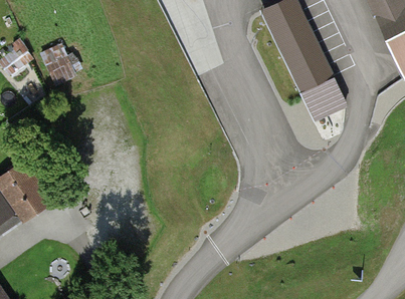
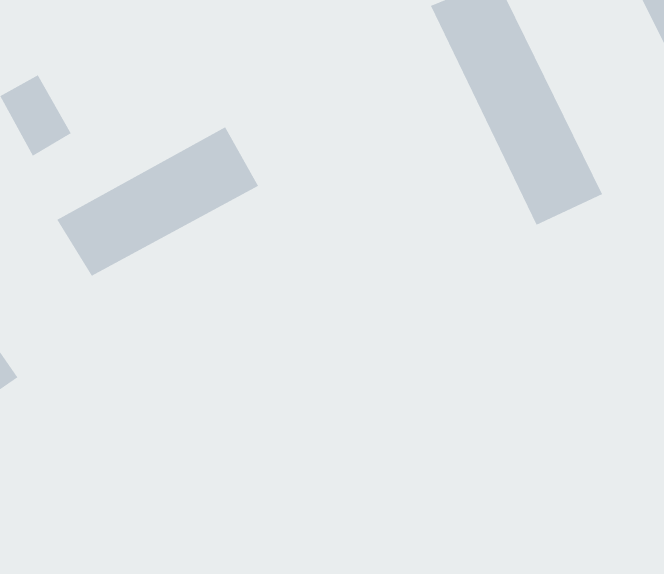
building: none -> [56,126,259,277]

